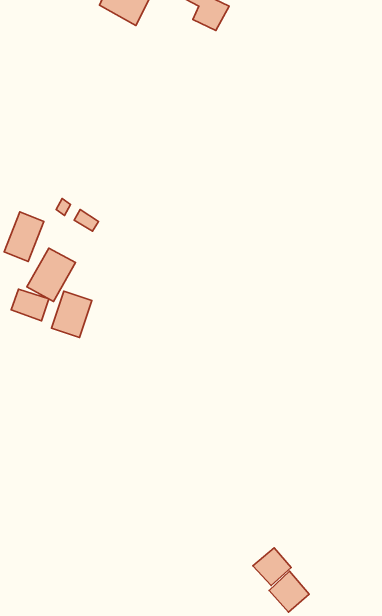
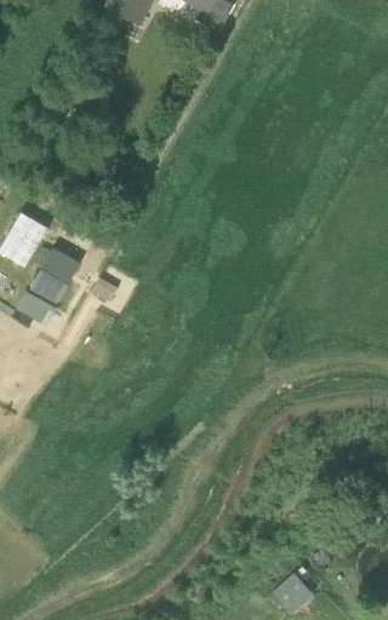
building: [51,291,92,338] -> none
building: [253,548,291,585] -> none

